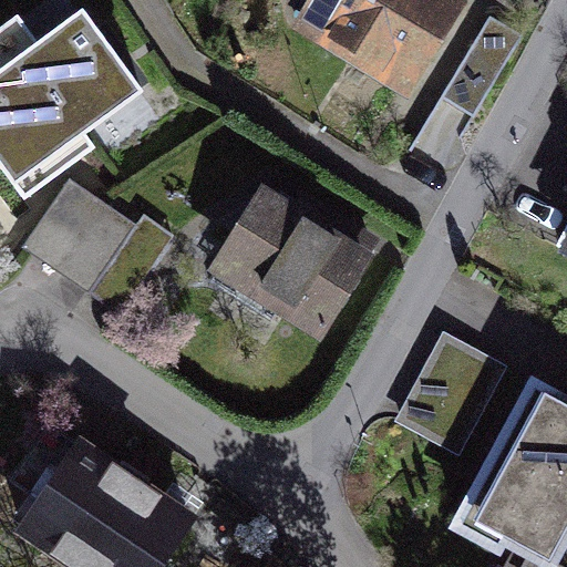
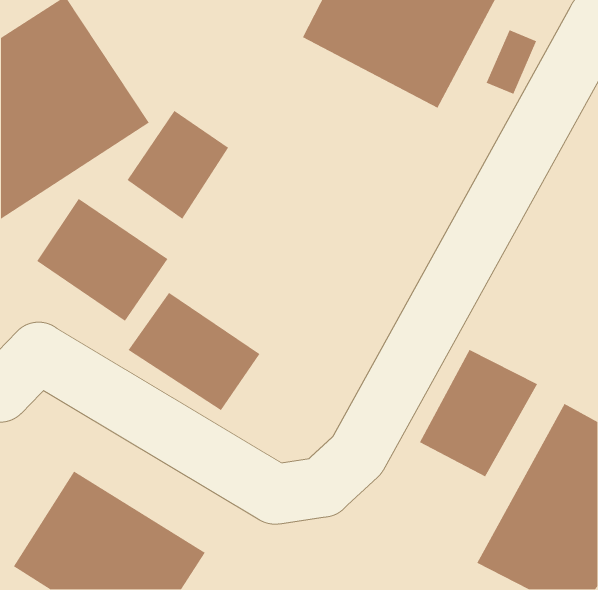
building: none -> [127,110,229,220]
building: [205,173,381,337] -> none
building: none -> [127,292,261,411]

